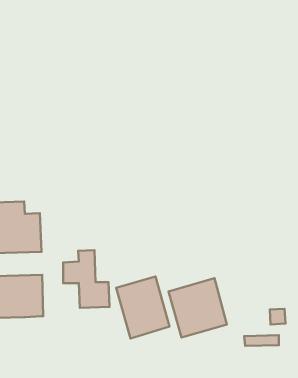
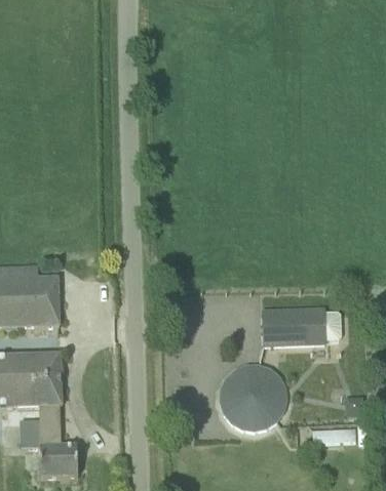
building: none -> [261,310,338,344]
building: [63,250,109,308] -> [18,406,76,478]
building: [116,277,169,339] -> none

